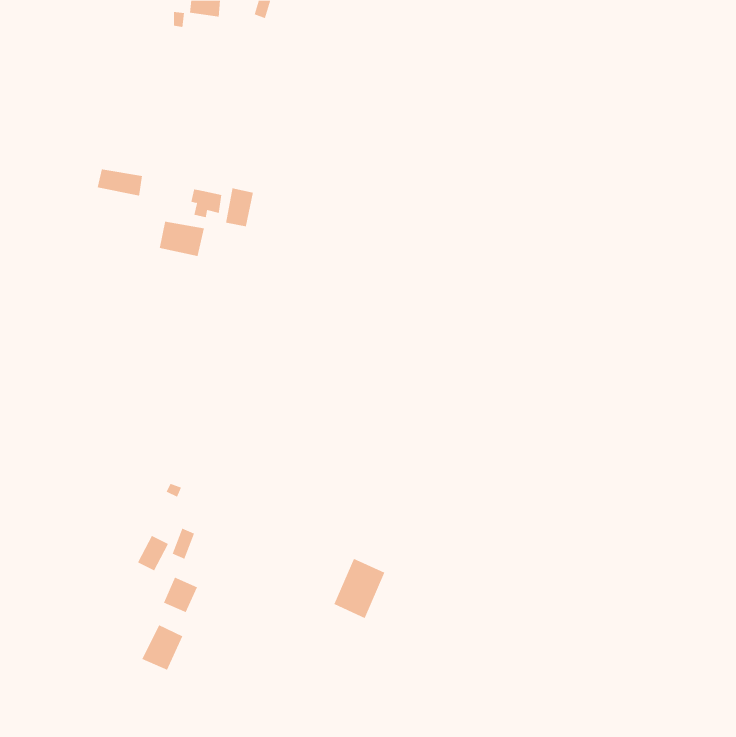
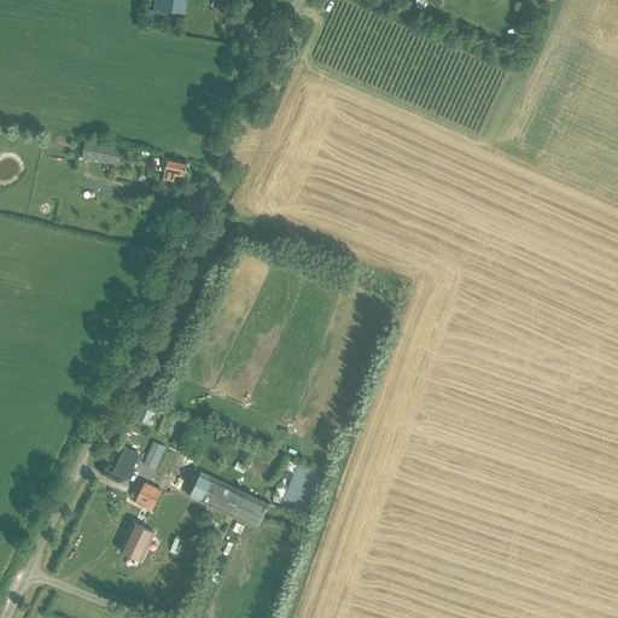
building: [226,187,254,227] -> none
building: [159,221,204,257] -> none
building: none -> [187,471,267,529]

